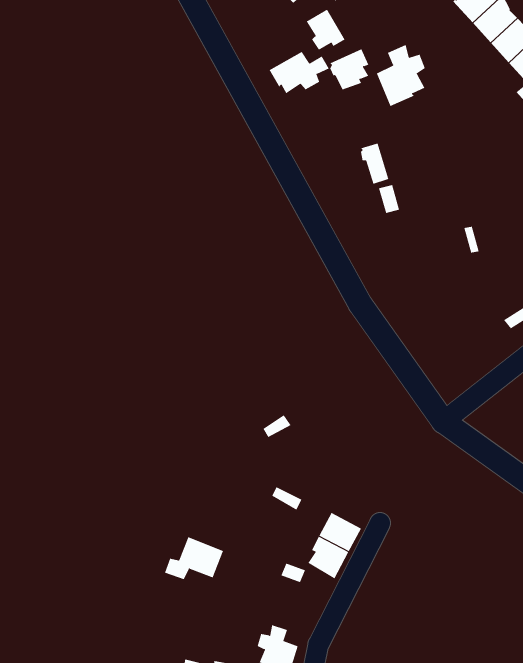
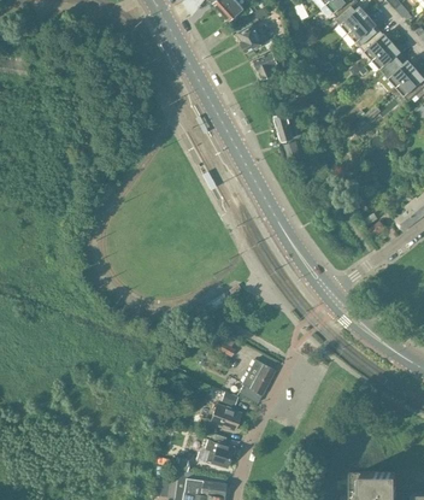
building: [376,44,426,107] -> none
building: [269,51,330,94] -> none
building: [164,536,224,580] -> [202,405,242,434]

